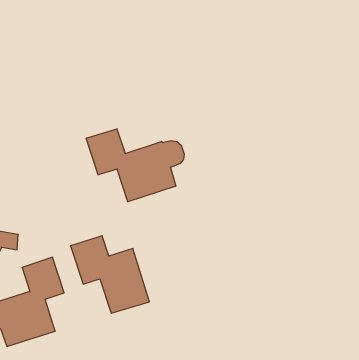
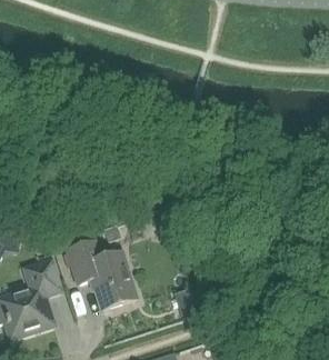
building: [86,129,184,202] -> none

